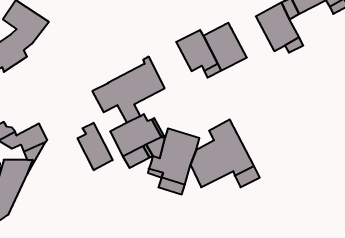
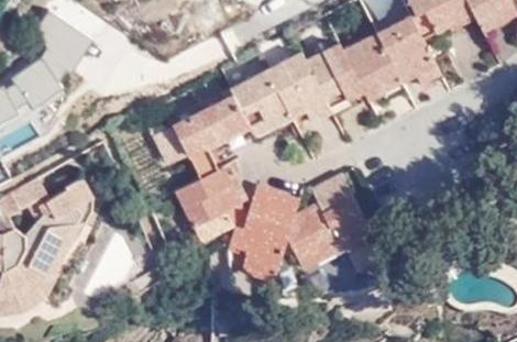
building: none -> [343,34,402,98]
building: none -> [230,69,292,135]
building: [78,123,113,170] -> none

